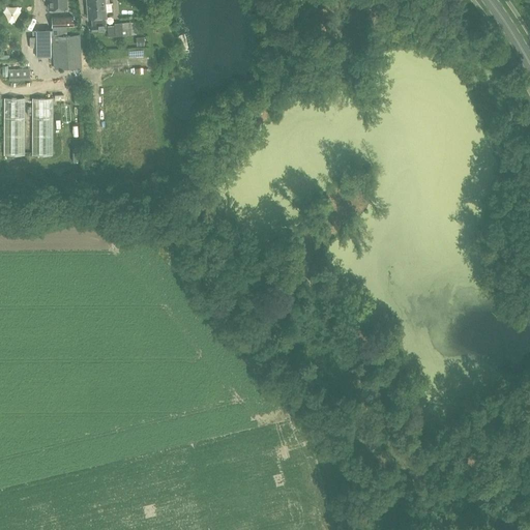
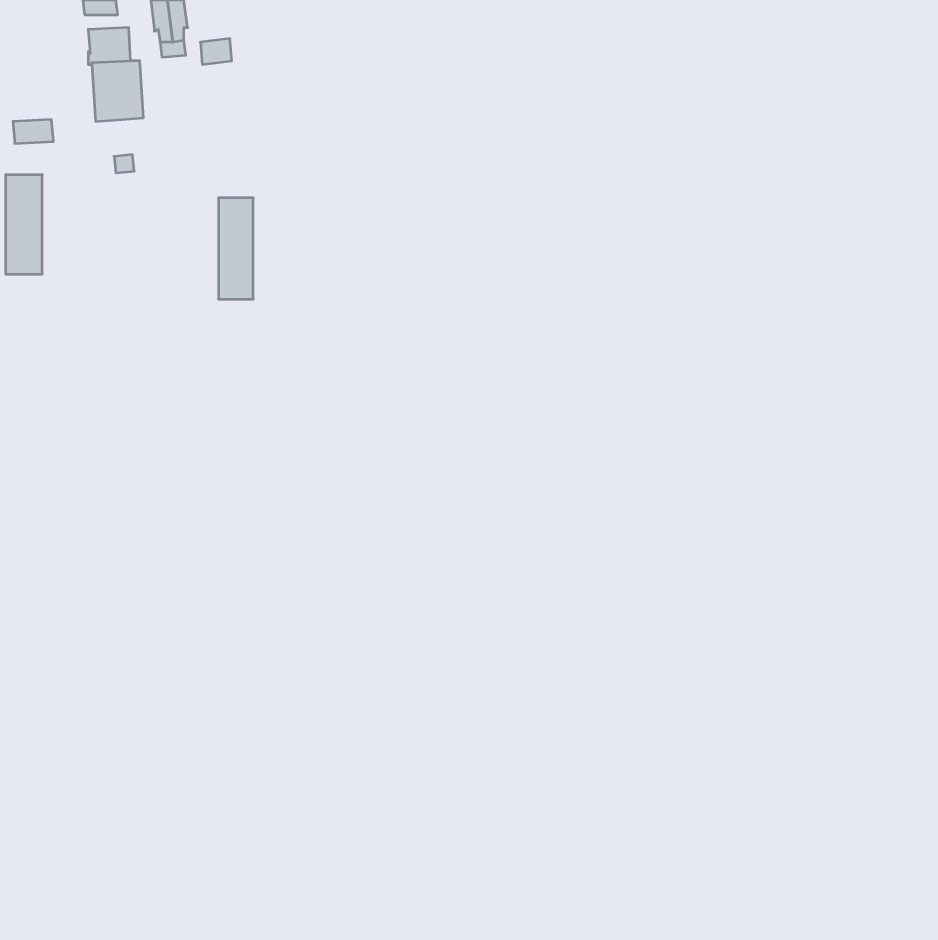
building: [34,29,51,57] -> none
building: [32,98,52,155] -> [218,198,253,299]

